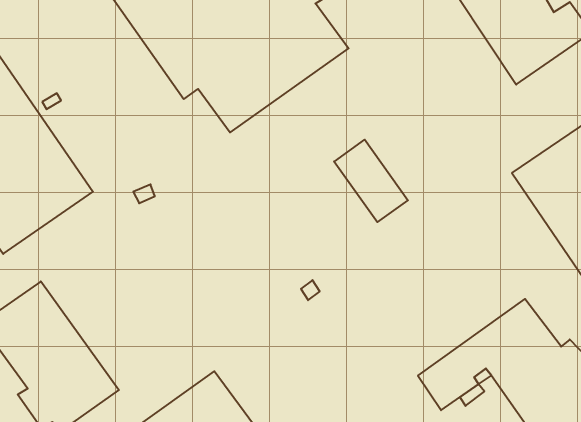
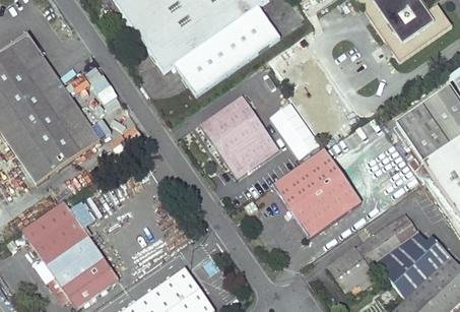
building: none -> [200,96,279,178]
building: none -> [272,148,362,238]

